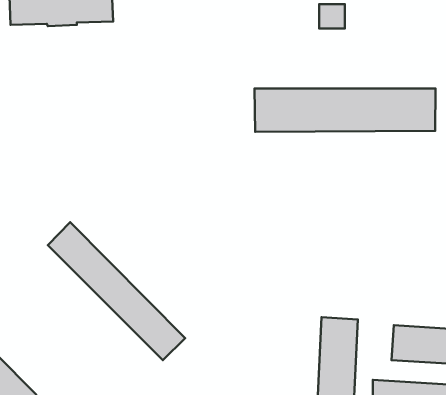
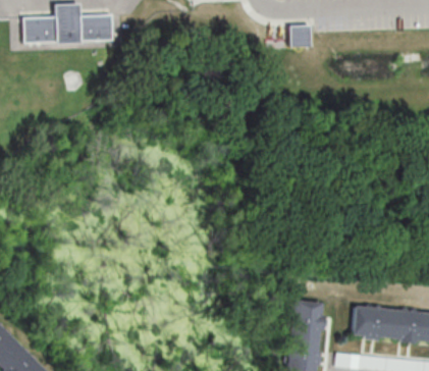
building: [254,88,436,132] -> none
building: [48,222,185,360] -> none

